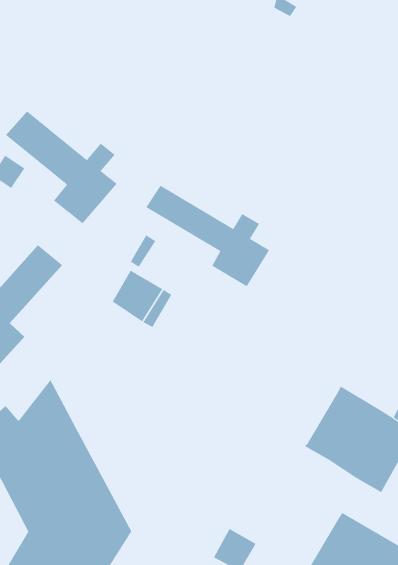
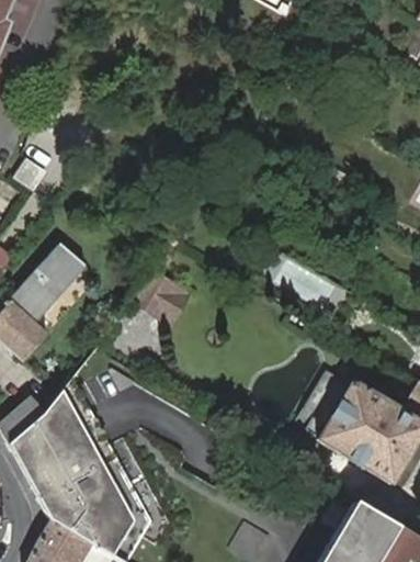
building: [5,110,117,224] -> none
building: [145,185,270,287] -> none

